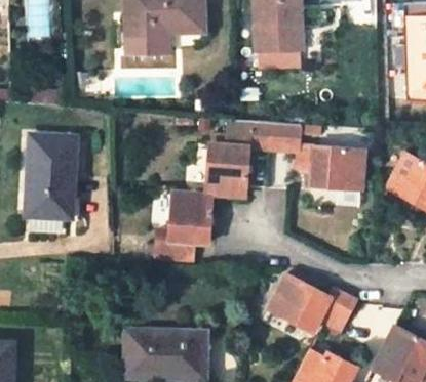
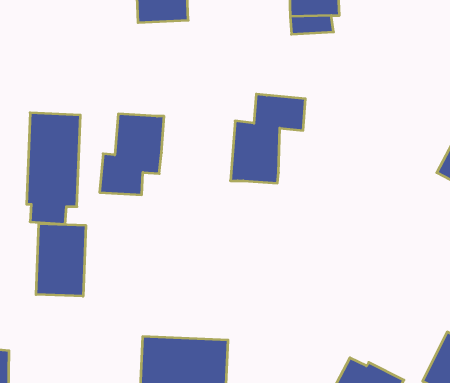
building: [270,123,364,189] -> none
building: [156,193,212,263] -> [100,114,164,195]
building: none -> [36,224,86,296]
building: [269,275,357,332] -> none

